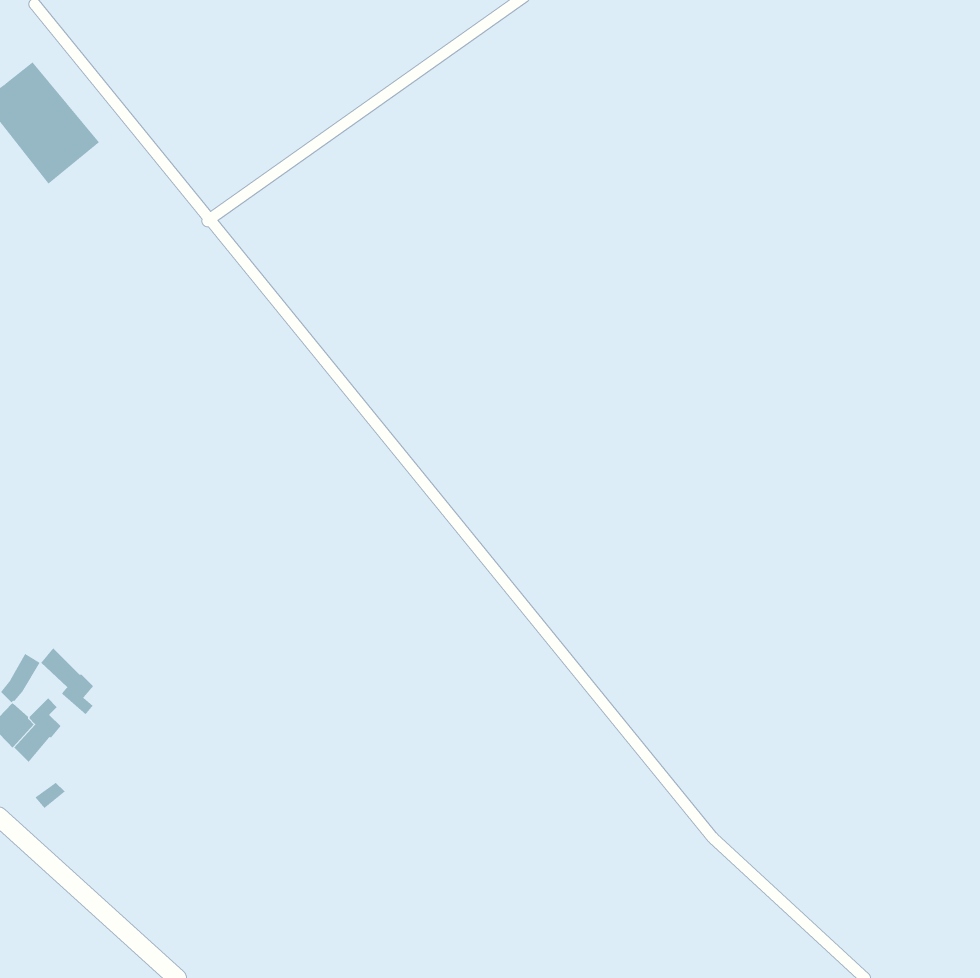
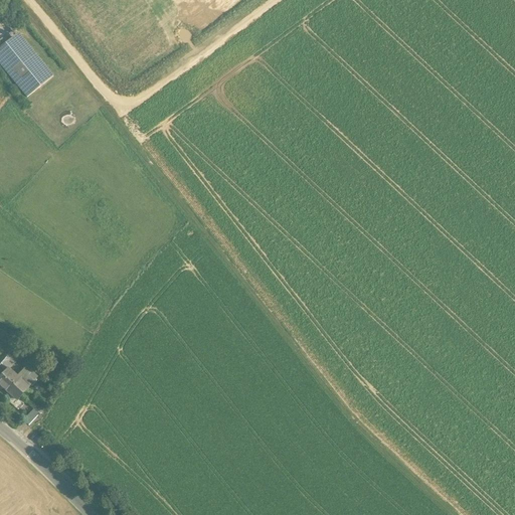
building: [40,648,94,715] -> none

